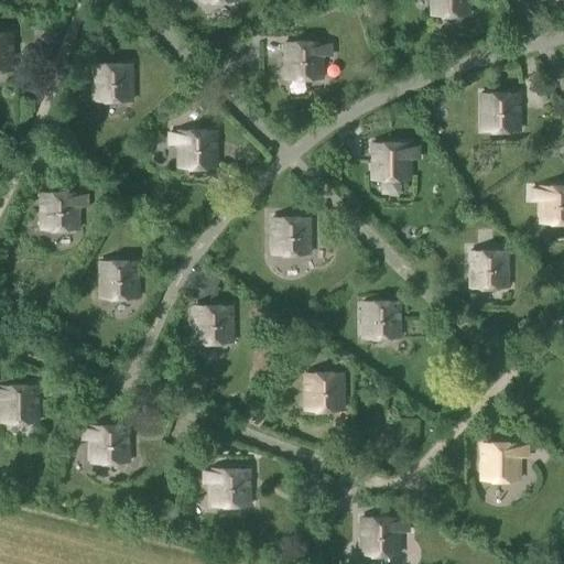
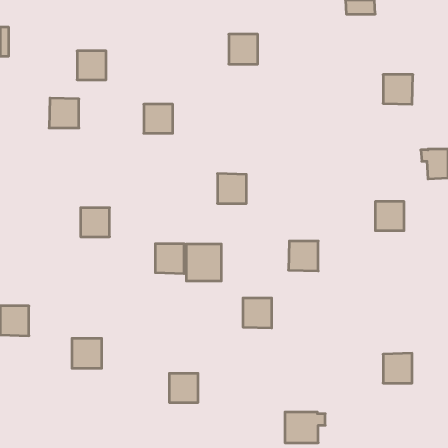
building: [373,145,411,182] -> none
building: [42,192,79,229] -> [49,98,79,128]
building: none -> [186,244,221,281]

